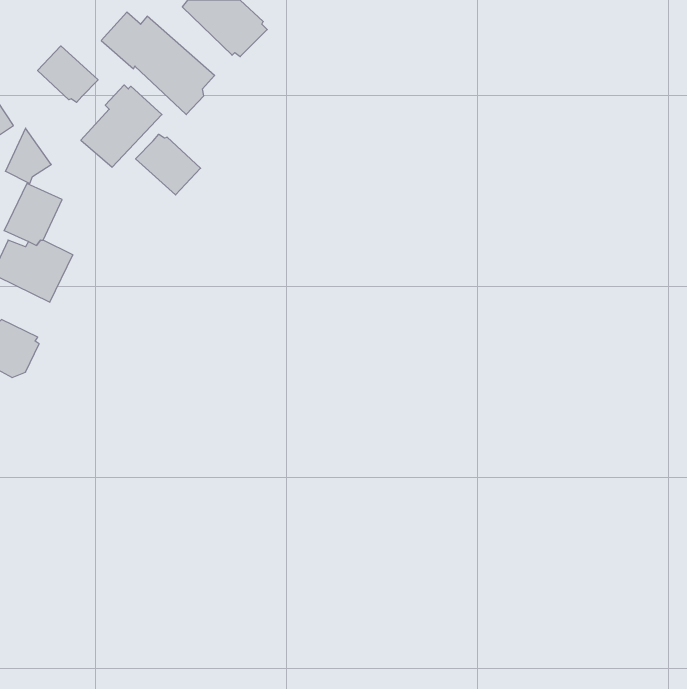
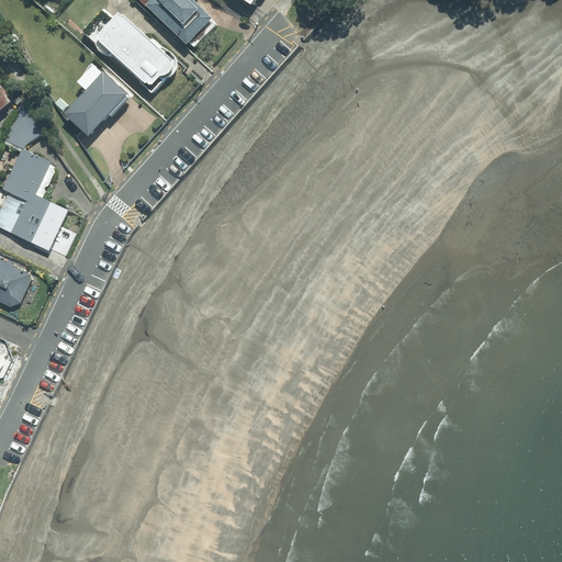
building: [38,46,98,102] -> none
building: [136,134,201,195] -> none

